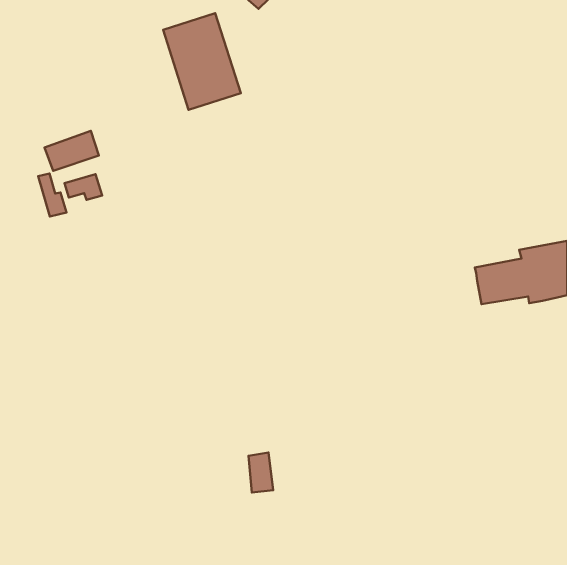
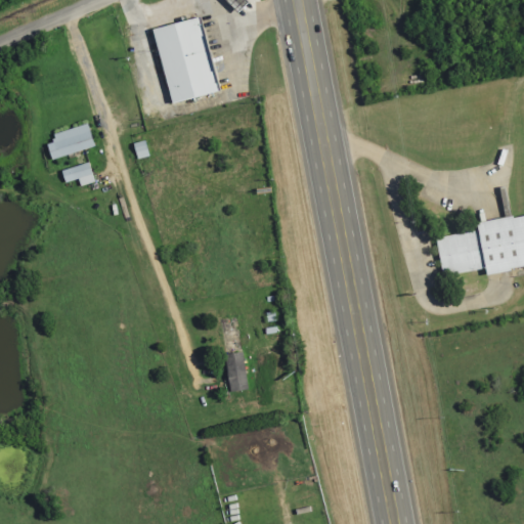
building: [38,173,66,217] -> none
building: [249,453,273,492] -> [226,351,249,388]

